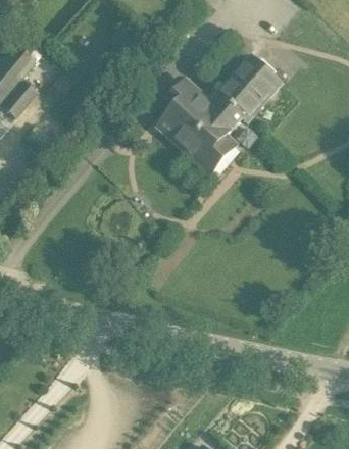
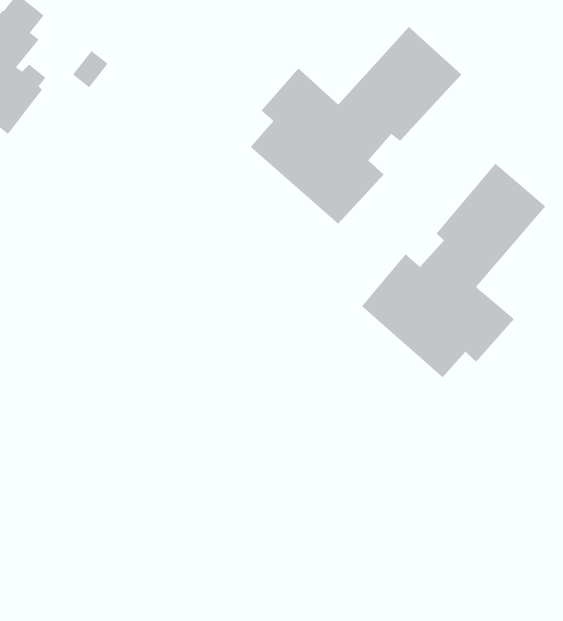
building: none -> [361,163,546,378]

